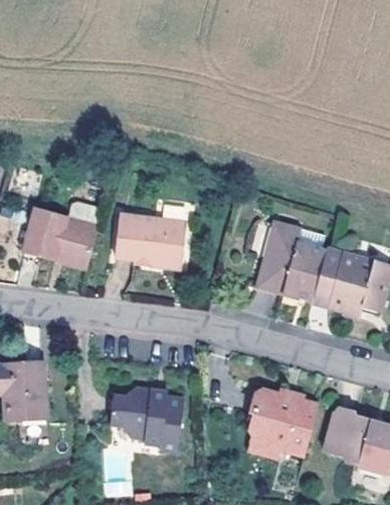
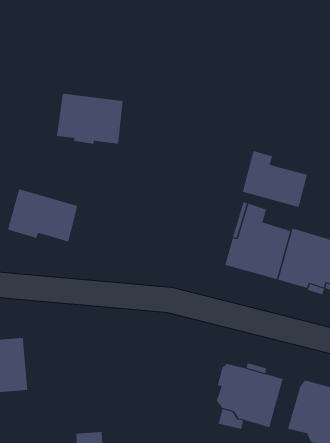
building: none -> [242,150,308,208]
building: [122,213,192,266] -> [56,93,124,144]
building: [107,389,182,451] -> none

